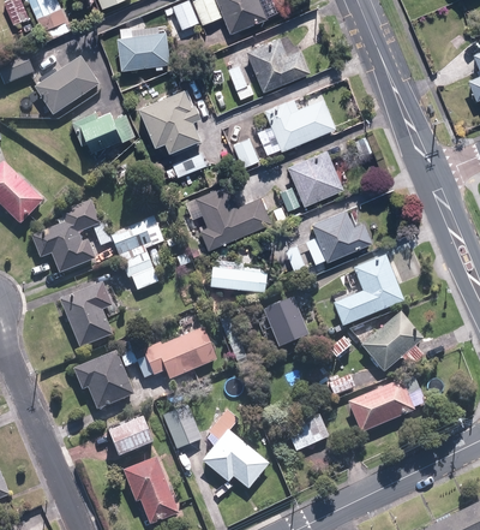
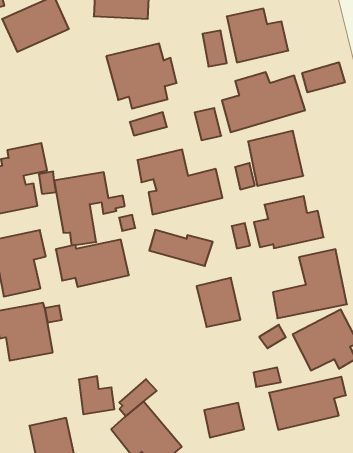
building: none -> [302,62,345,92]
building: [70,111,136,153] -> none
building: [143,328,216,380] -> [56,240,129,287]
building: [107,415,157,458] -> none

